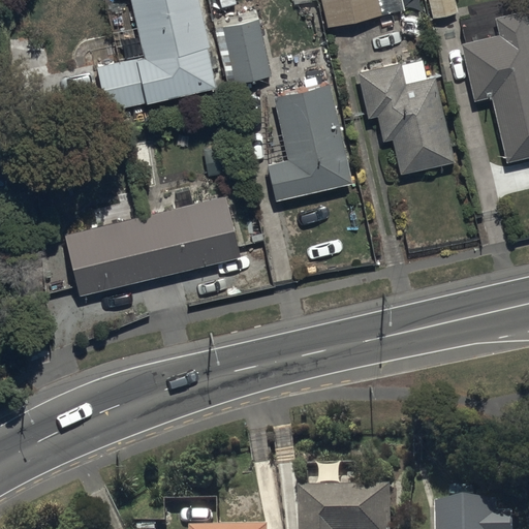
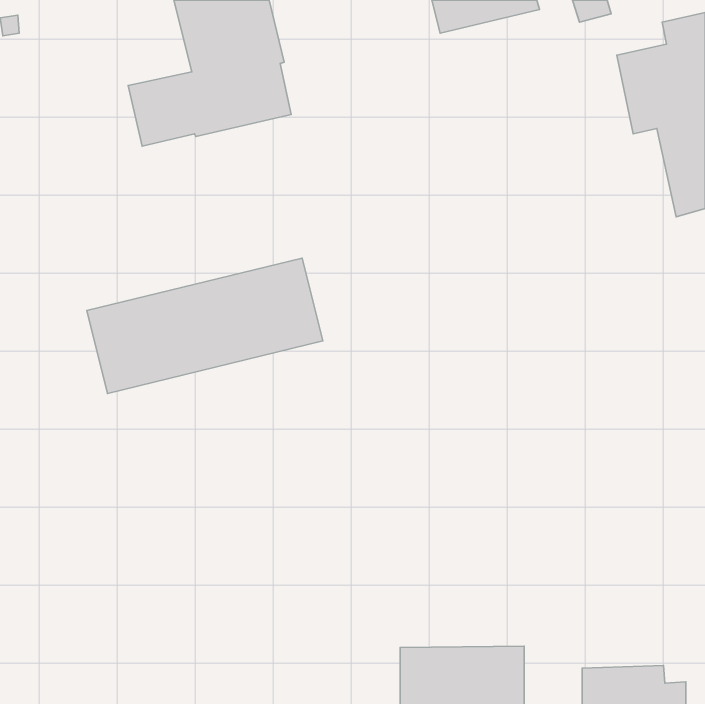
building: [216,18,272,85] -> none
building: [357,61,456,174] -> none
building: [268,84,354,201] -> none

